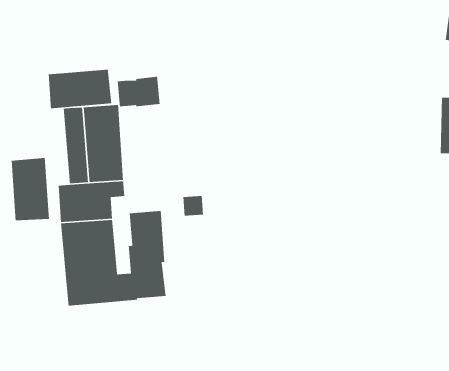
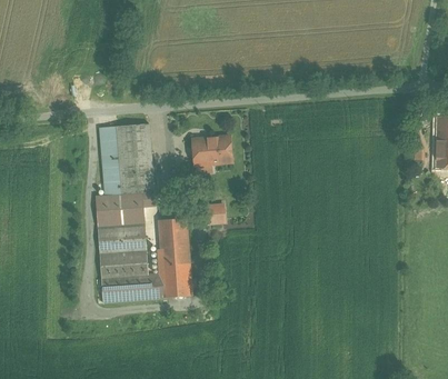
building: [48,69,112,109] -> none
building: [117,76,160,107] -> [191,136,230,163]
building: [11,157,50,221] -> none

